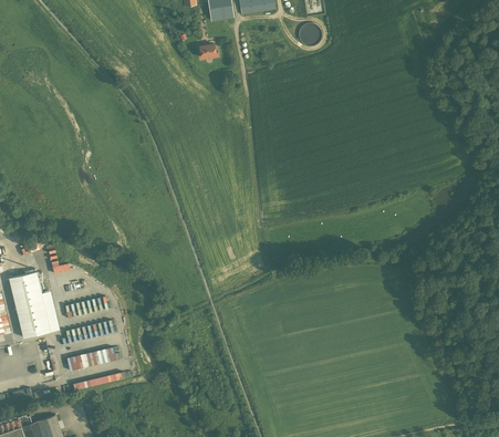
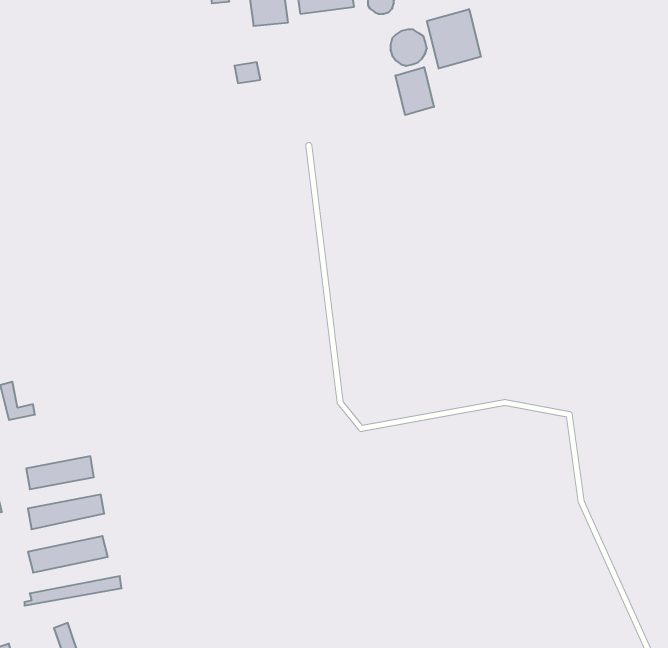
building: none -> [427,9,481,69]
building: none -> [395,67,434,115]

